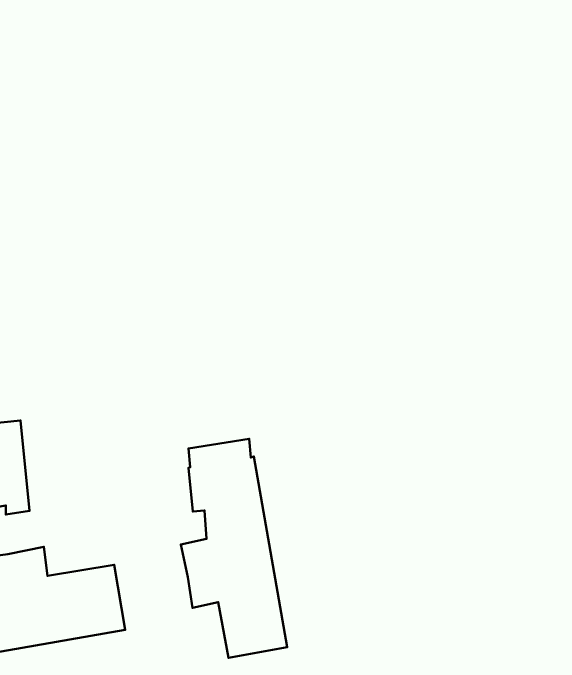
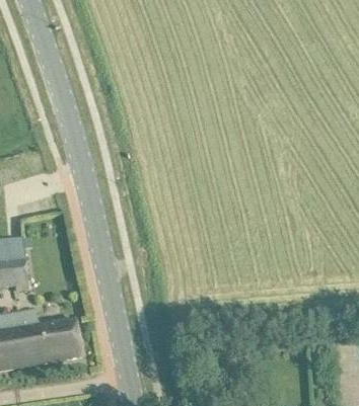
building: [181,439,287,658] -> none

